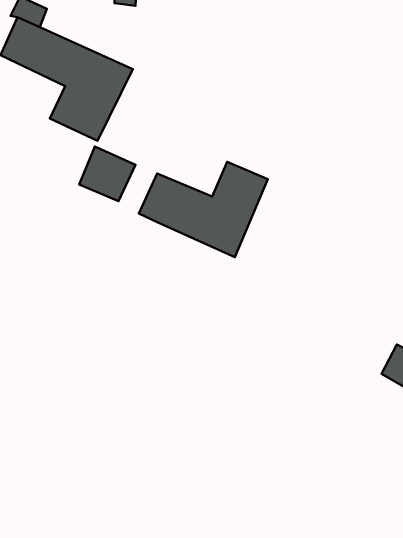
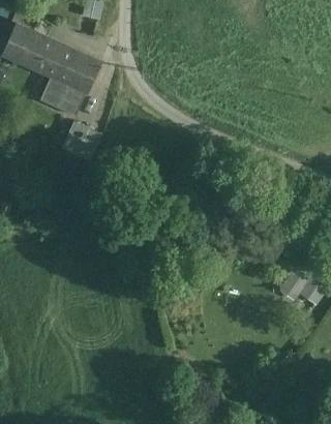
building: [139,162,268,257] -> none

